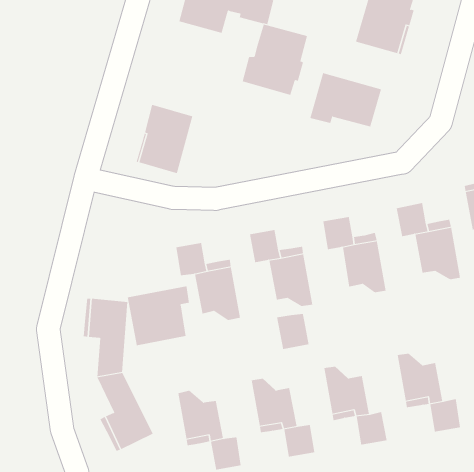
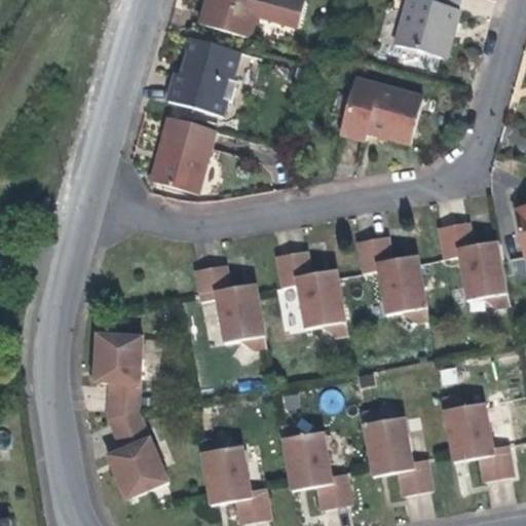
building: [242,24,308,95] -> [167,37,240,116]
building: [127,285,190,346] -> none
building: [277,313,309,350] -> none

